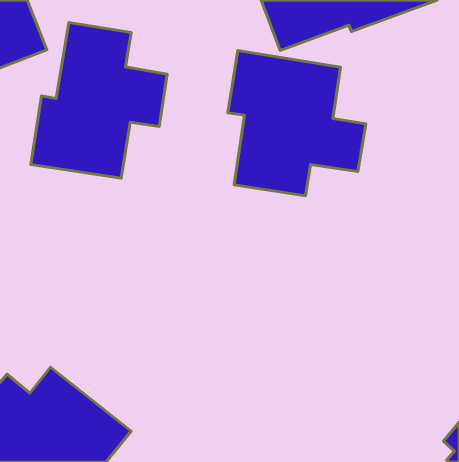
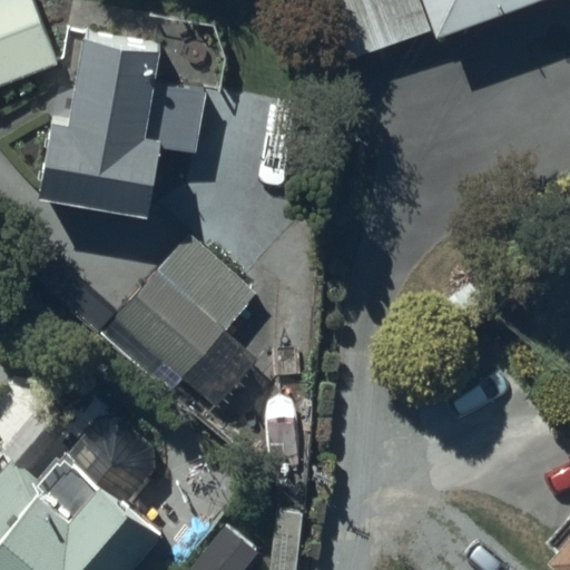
building: [228,50,366,196] -> none
building: none -> [112,235,253,384]

